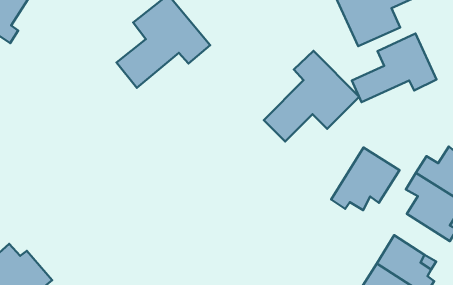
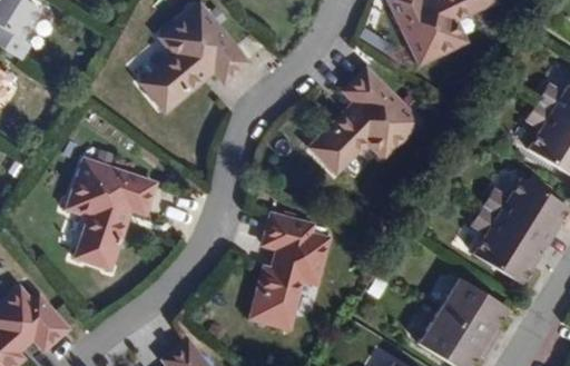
building: [352,34,437,102] -> none
building: none -> [66,159,154,268]
building: [331,148,400,210] -> none
building: none -> [249,214,327,328]

